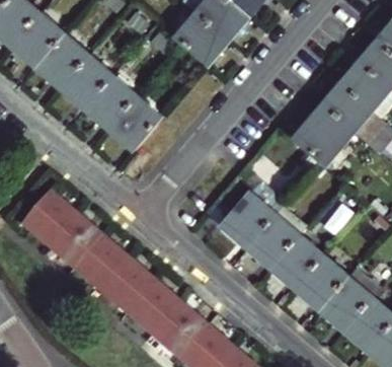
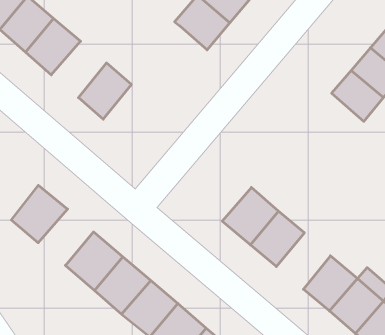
building: [61,56,112,108] -> none
building: [109,96,160,149] -> none
building: [294,104,354,165] -> none
building: [49,213,100,266] -> none
building: [271,235,322,288] -> none

